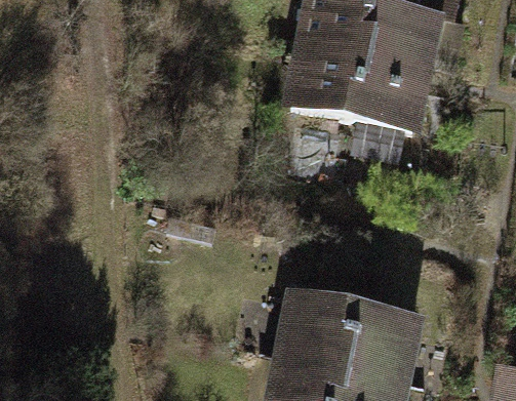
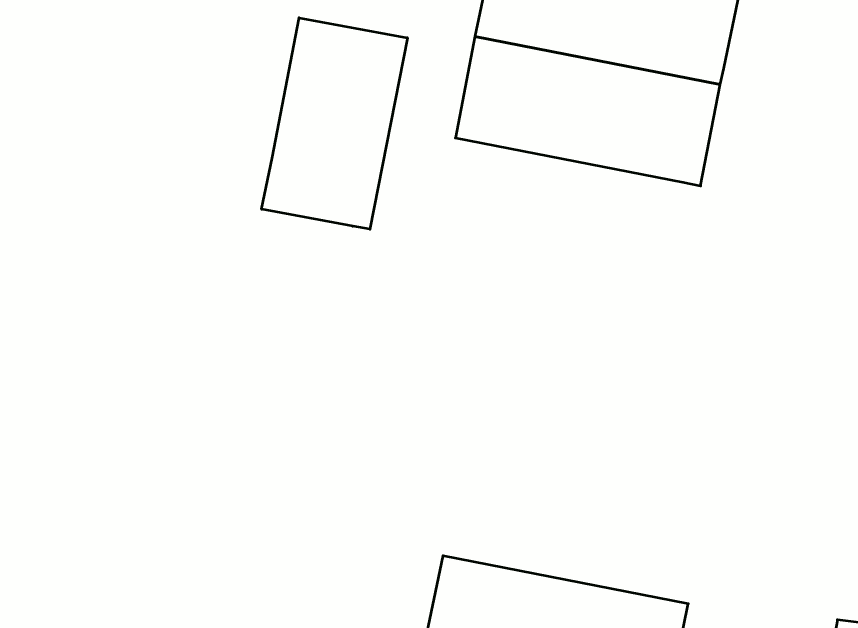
building: none -> [262,18,407,229]
building: [273,286,426,371] -> none

